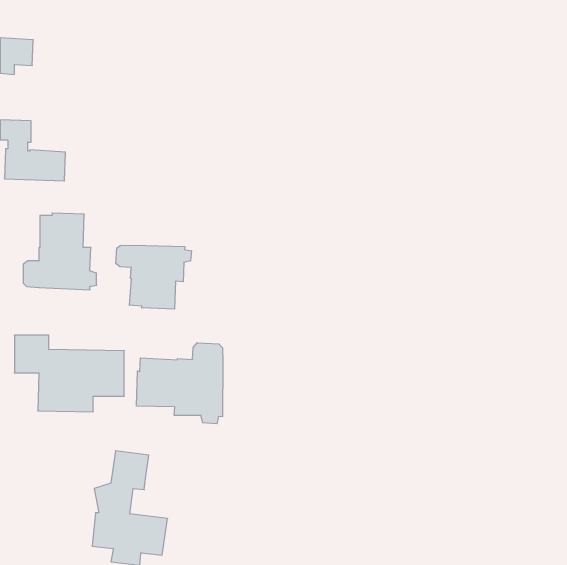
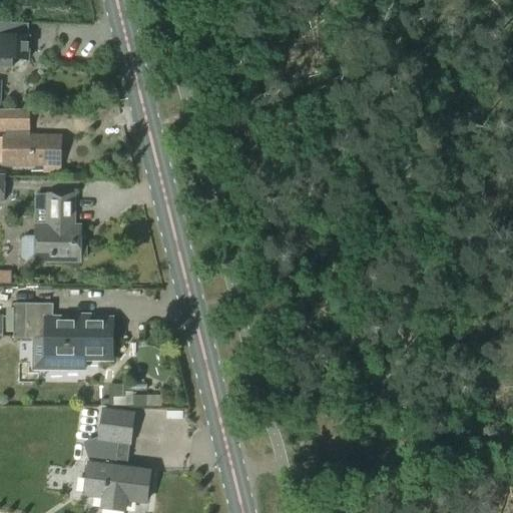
building: [116,245,191,309] -> none
building: [137,343,223,424] -> none

